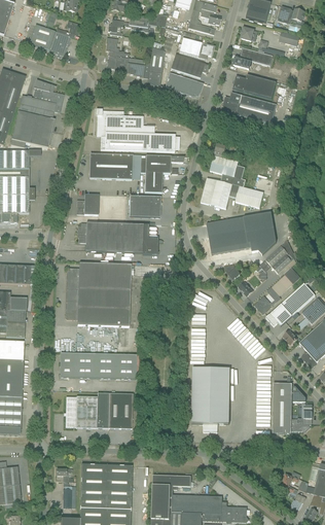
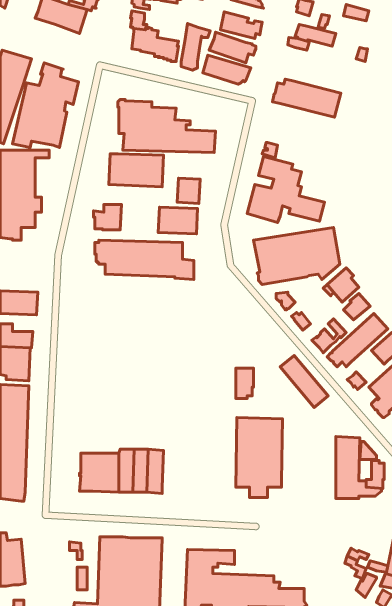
building: [232,73,276,98] -> none
building: [140,154,184,173] -> none
building: [65,261,131,326] -> none
building: [60,352,136,379] -> none

